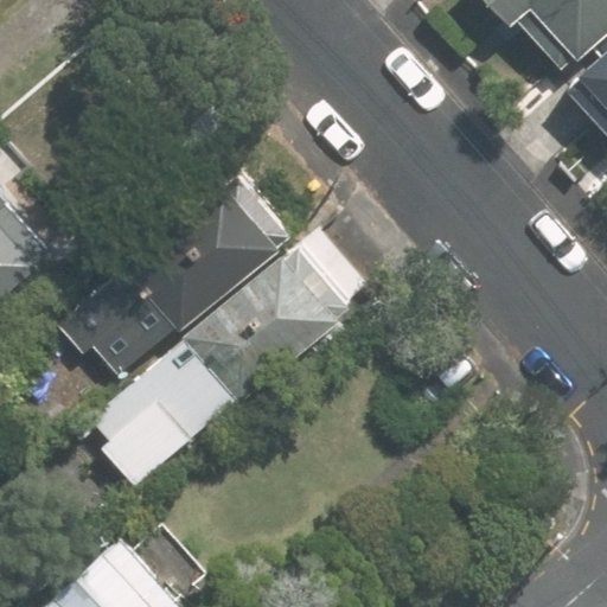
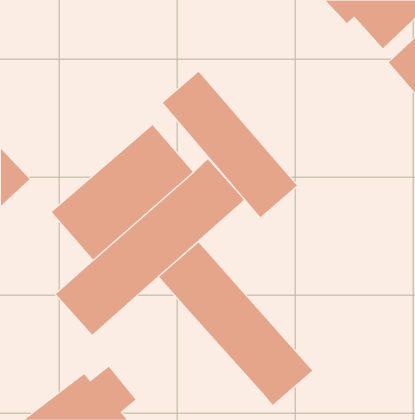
building: none -> [162,71,298,218]
building: none -> [158,241,313,406]

